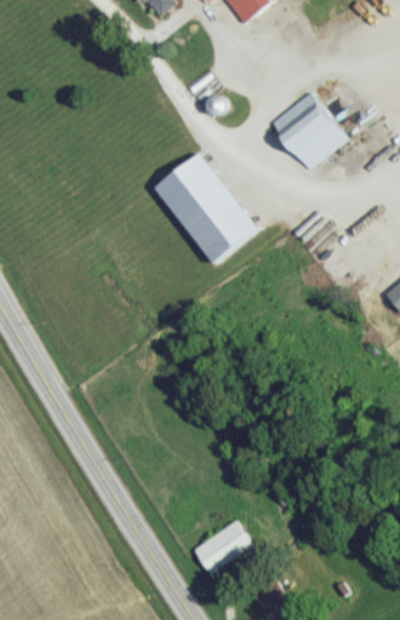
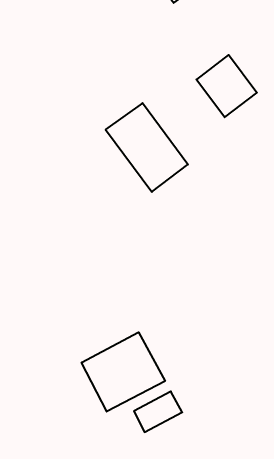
building: none -> [82,332,165,412]

